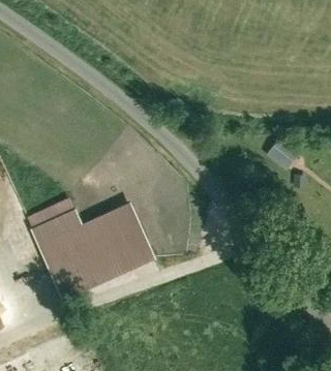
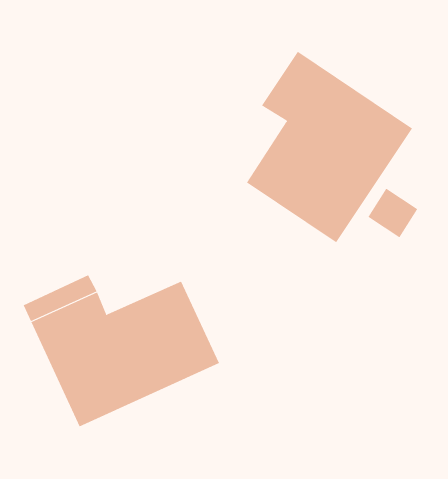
building: none -> [246,51,413,243]

